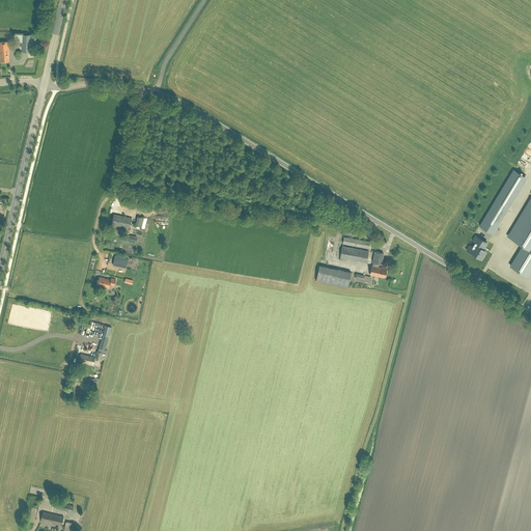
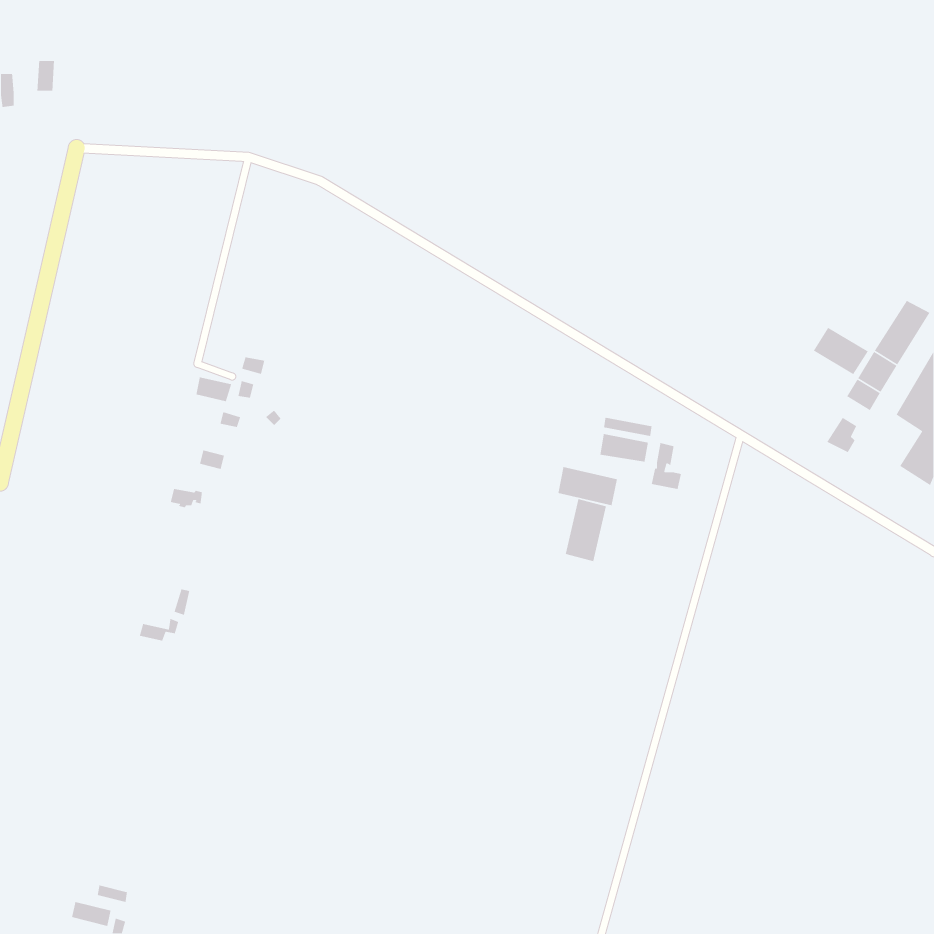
building: none -> [813,327,869,375]
building: none -> [565,498,607,562]

